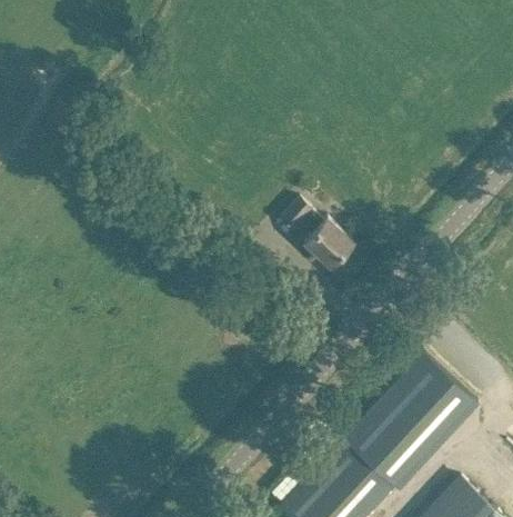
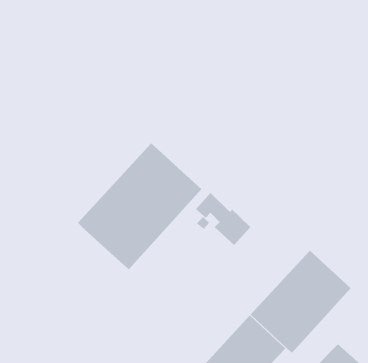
building: [279,200,352,270] -> [195,192,251,246]
building: none -> [77,142,202,270]

